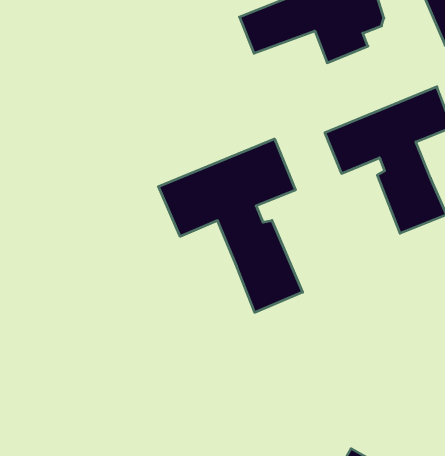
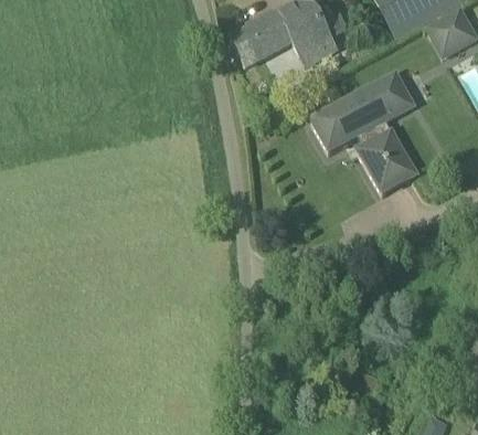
building: [158,139,303,312] -> none

